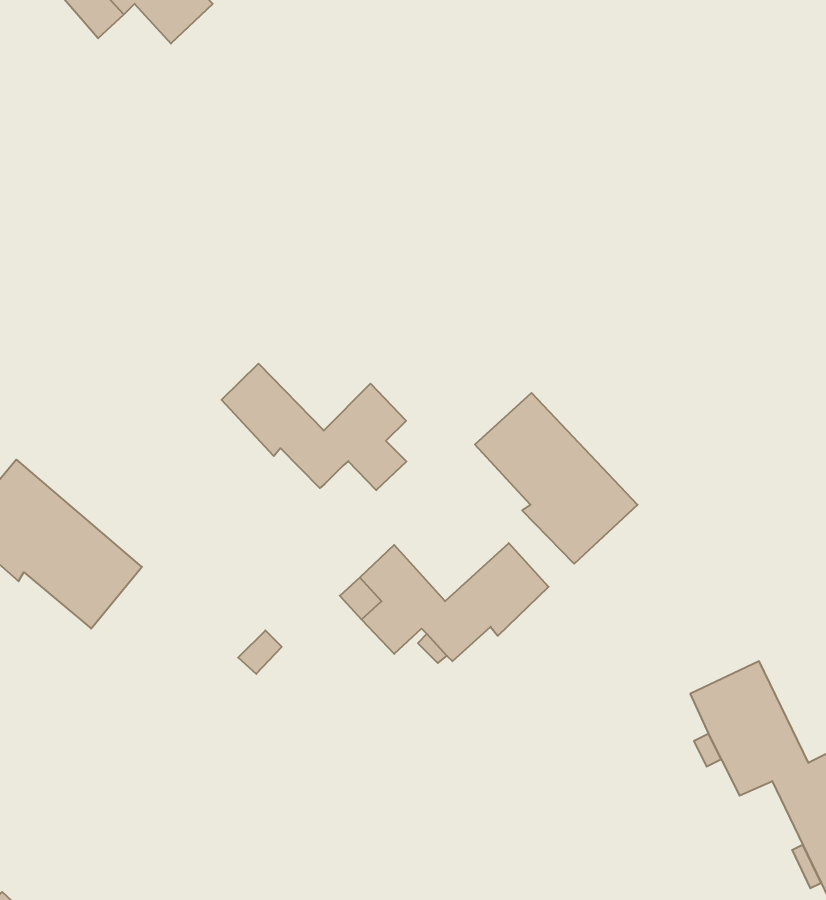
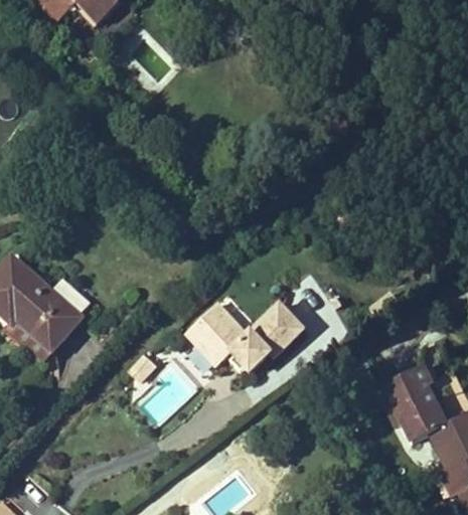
building: [222,364,406,490] -> none
building: [475,393,638,564] -> none

